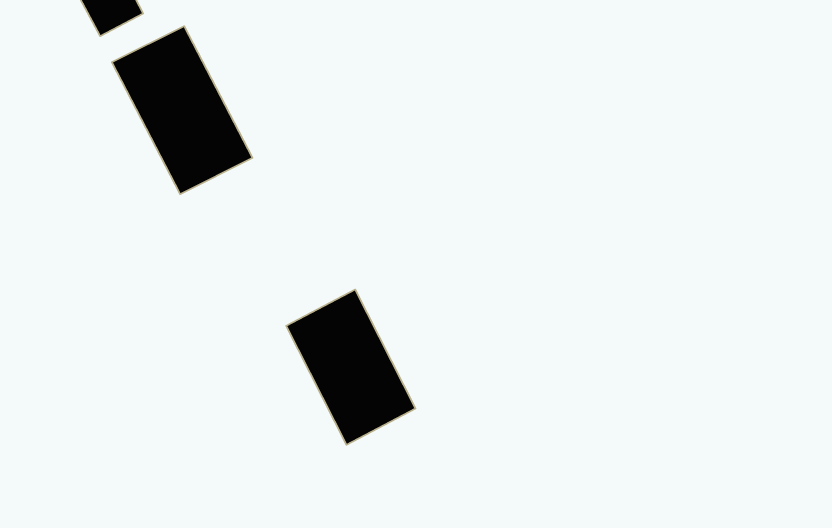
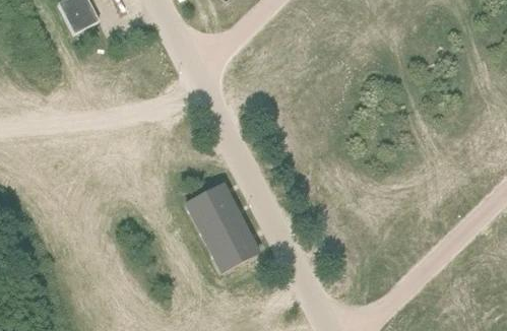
building: [112,26,253,194] -> none

